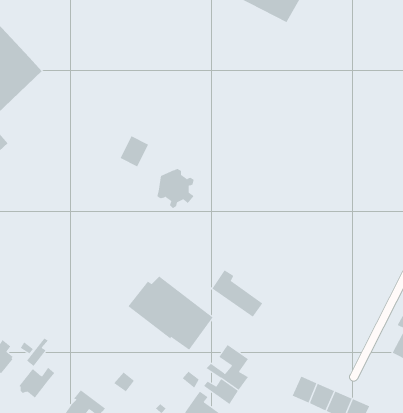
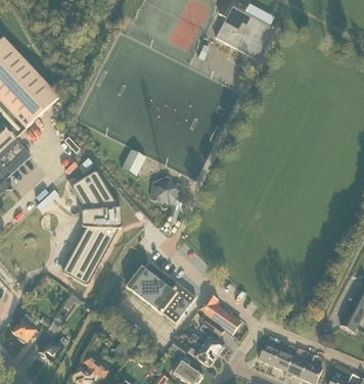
building: none -> [61,172,121,285]
building: [211,269,263,317] -> [198,294,240,333]

